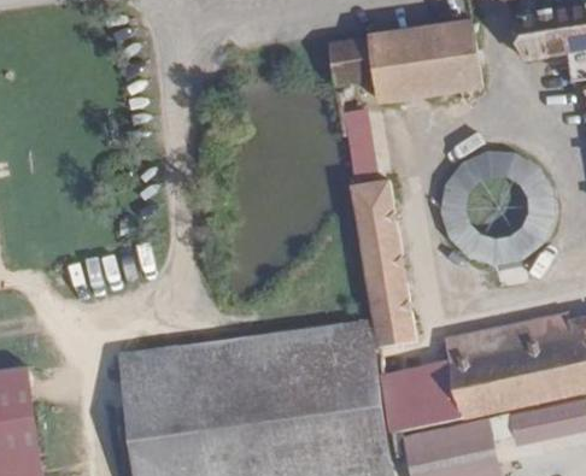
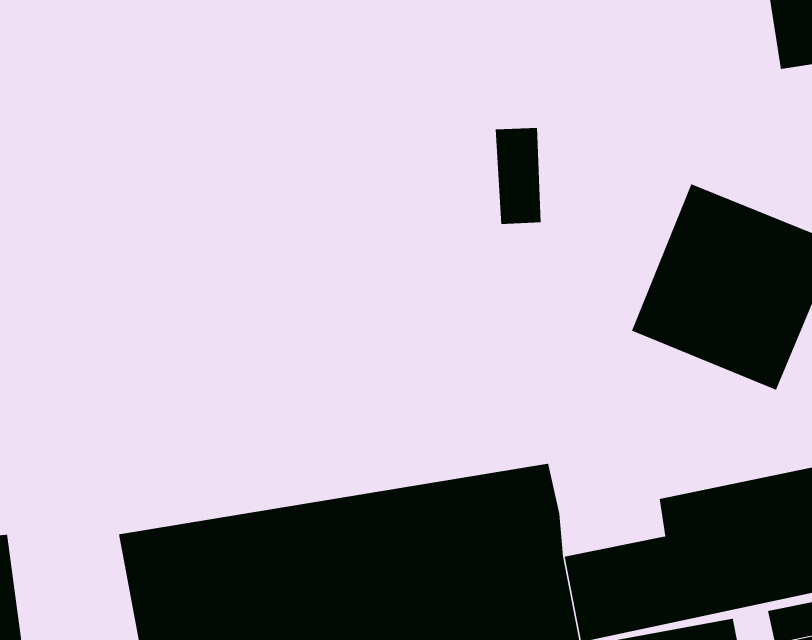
building: [330,25,485,104] -> none
building: [354,183,418,352] -> none

